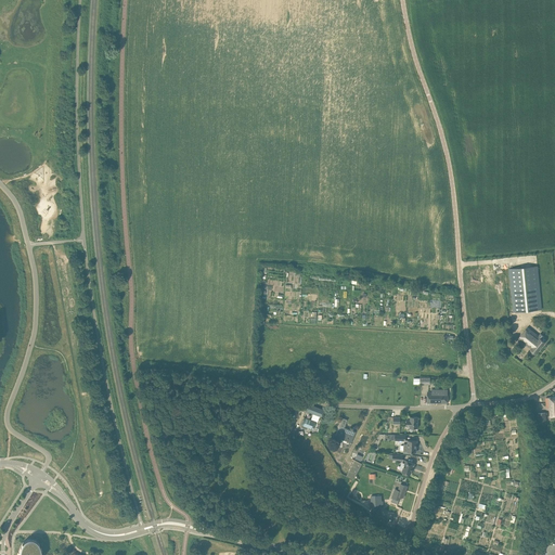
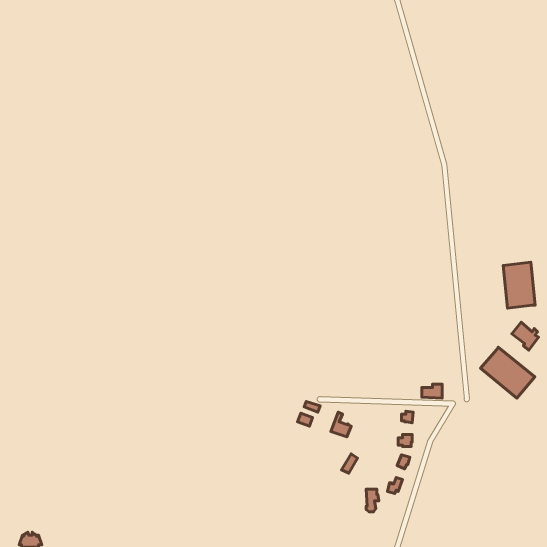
building: none -> [480,347,535,398]

